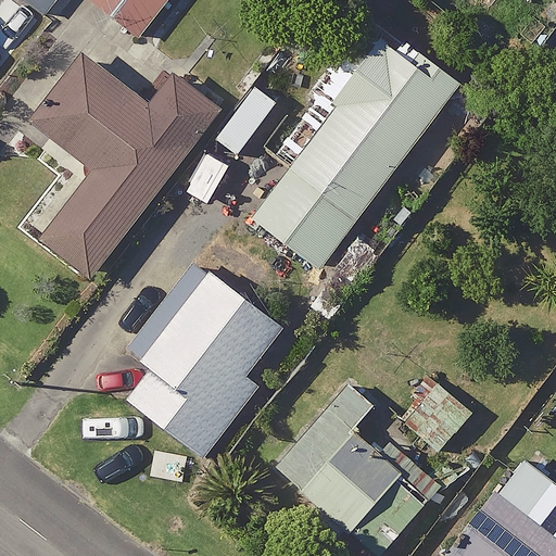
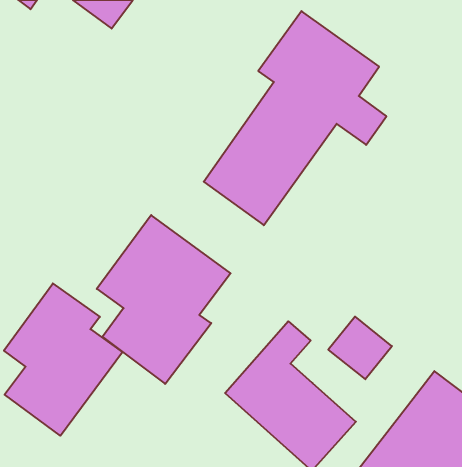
building: [27,52,218,277] -> none
building: none -> [4,283,123,436]

